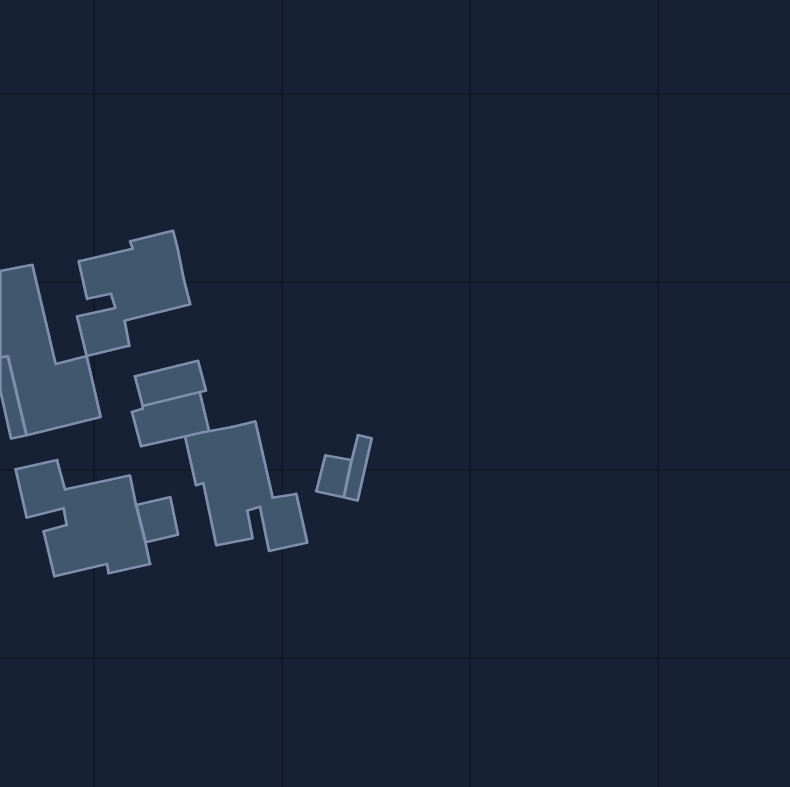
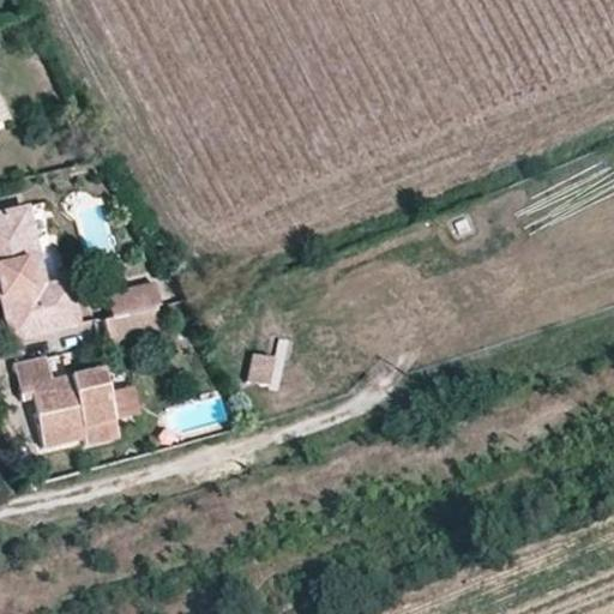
building: [77,231,190,356] -> none
building: [185,421,307,551] -> none

